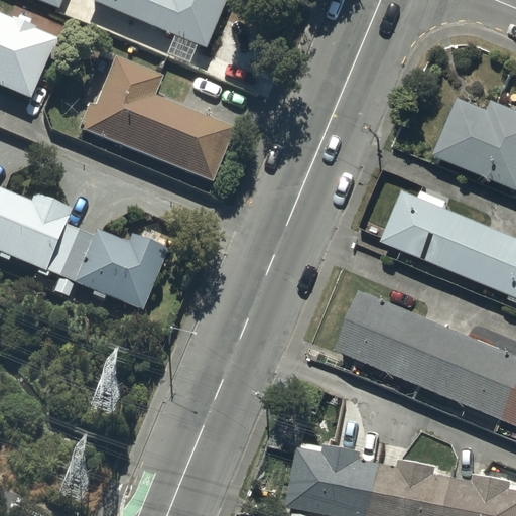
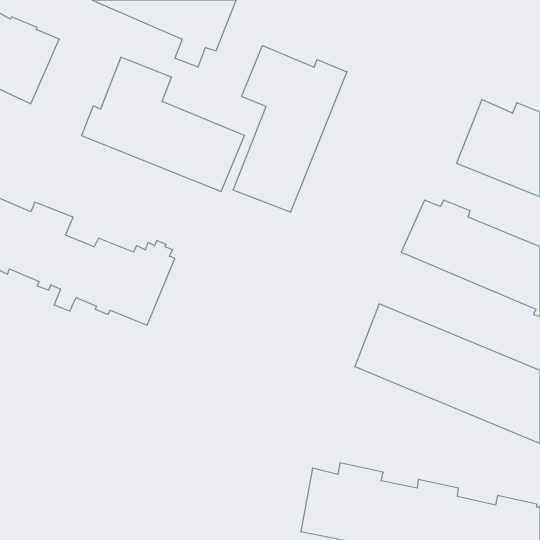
building: none -> [233,46,347,212]

